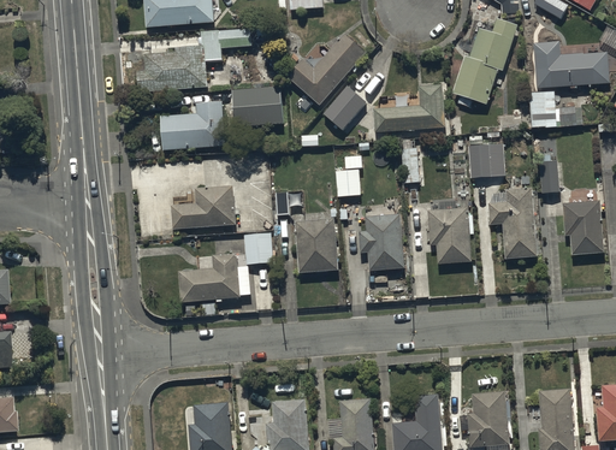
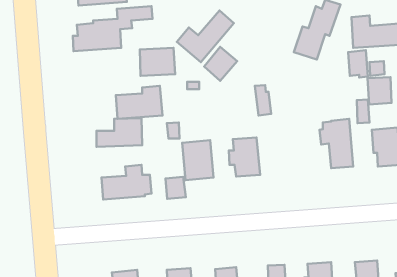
building: [373,84,445,132] -> none
building: [159,102,225,149] -> [116,86,162,119]
building: none -> [367,77,391,105]
building: [468,144,504,177] -> none
building: [334,168,360,196] -> none
building: [424,208,469,262] -> none
building: [243,233,272,265] -> [165,177,186,199]

